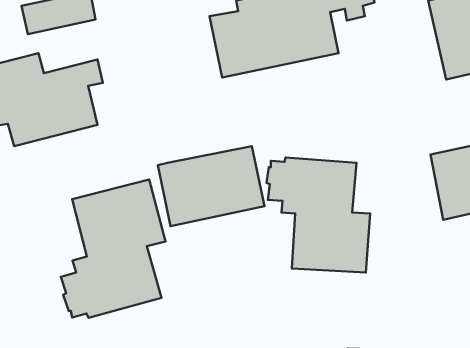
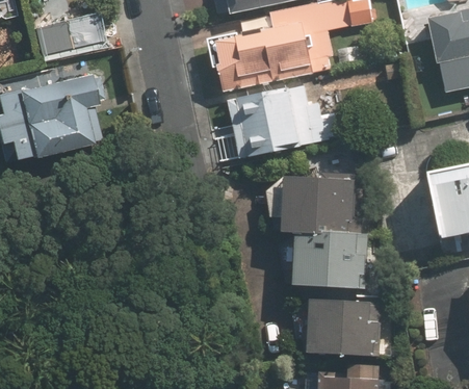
building: [158,146,265,226] -> [230,79,335,158]
building: [61,180,166,318] -> none
building: none -> [306,299,391,355]

